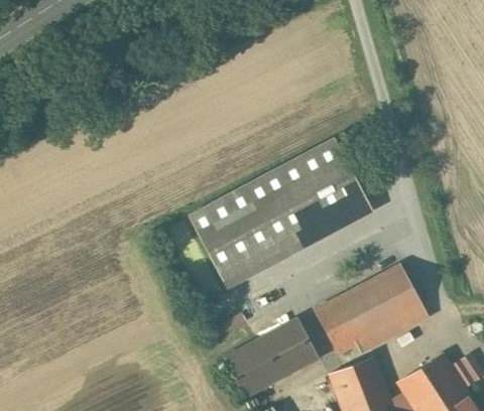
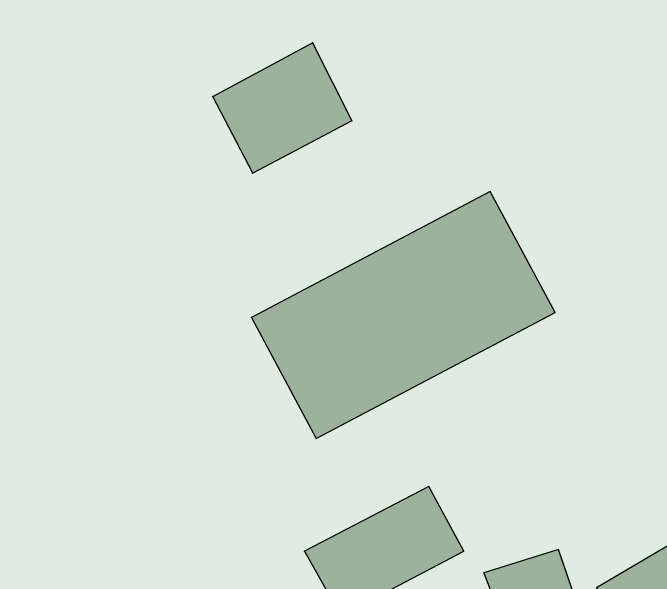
building: none -> [213,43,352,173]
building: [313,266,426,353] -> none

